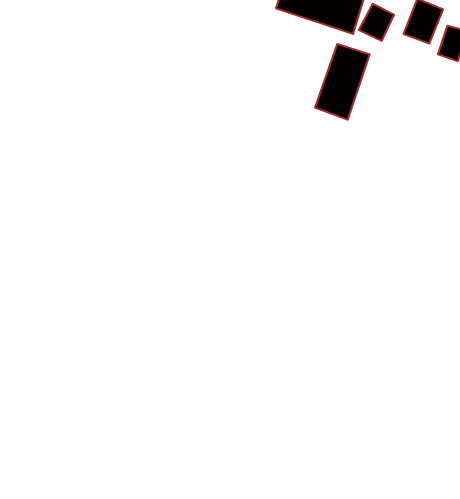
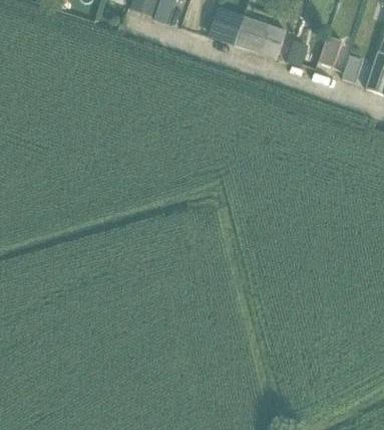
building: [315,44,369,120] -> none

